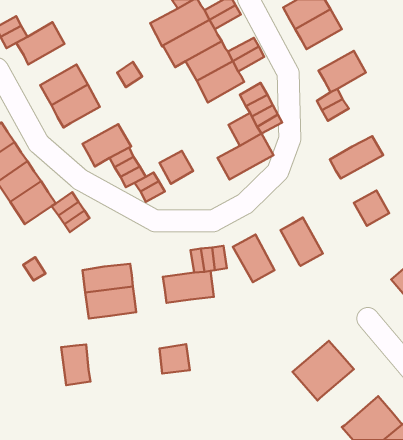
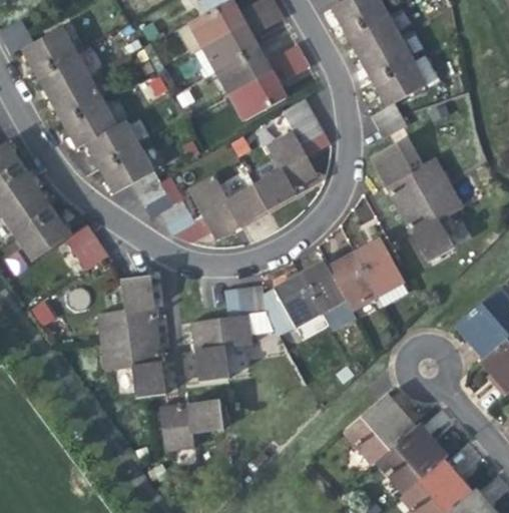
building: none -> [359,34,414,82]
building: none -> [36,51,92,99]
building: none -> [85,120,140,167]
building: none -> [371,144,412,185]
building: none -> [399,180,463,235]
building: none -> [201,183,270,238]
building: none -> [355,239,402,295]
building: none -> [300,259,351,322]
building: none -> [120,276,154,310]
building: none -> [196,348,228,382]
building: none -> [131,363,165,397]
building: [61,345,90,385] -> [159,405,193,452]
building: none -> [375,425,446,494]

